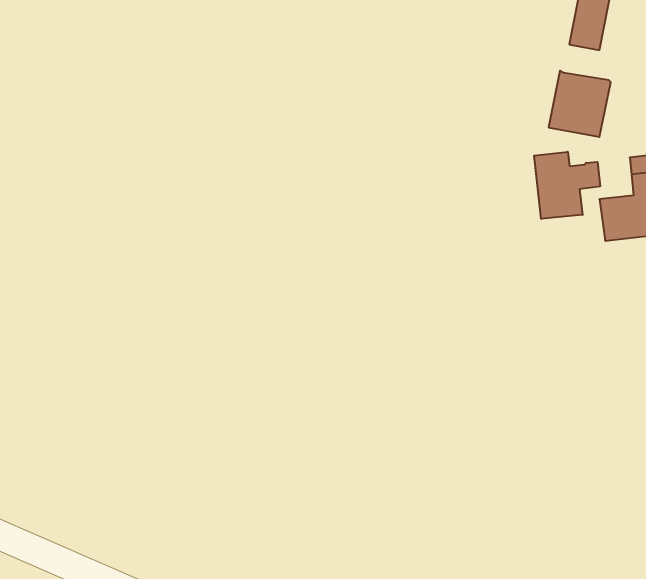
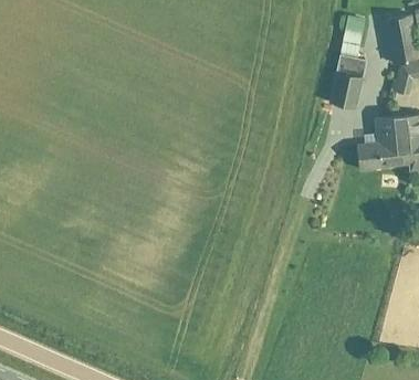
building: [534,152,600,219] -> none

